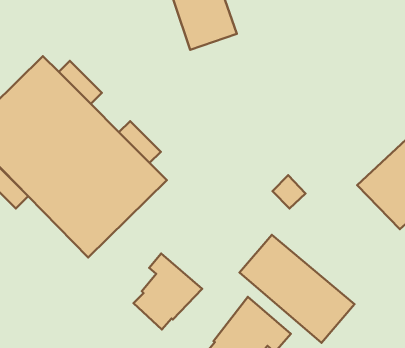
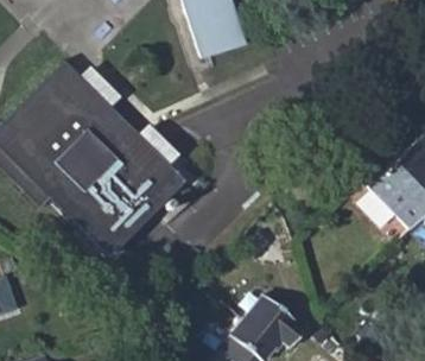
building: [239,235,355,343] -> none
building: [134,254,202,329] -> none

